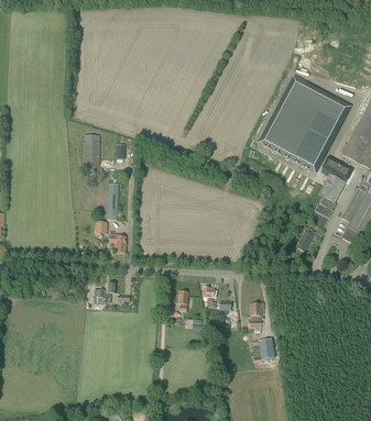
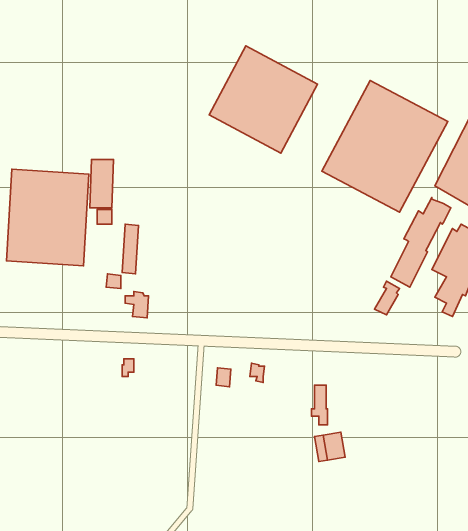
building: none -> [209,46,317,153]
building: none -> [6,169,89,266]

